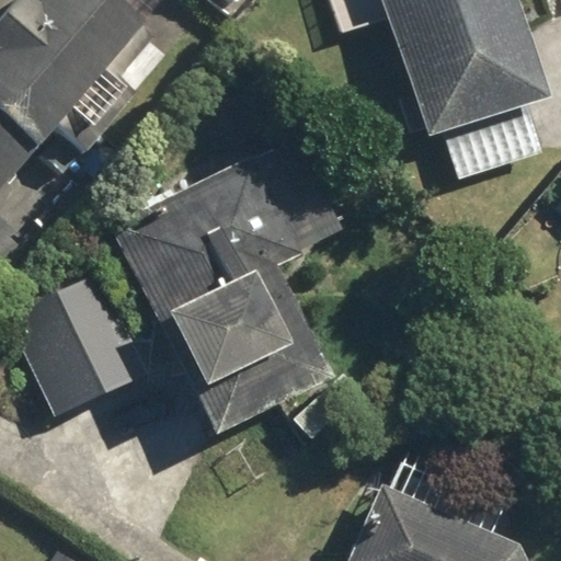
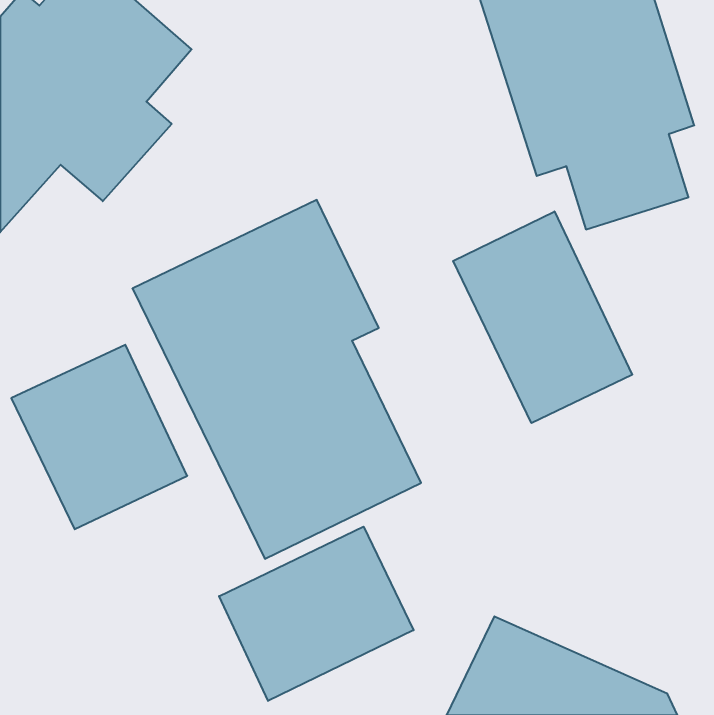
building: none -> [453,211,632,423]
building: none -> [219,527,414,701]

